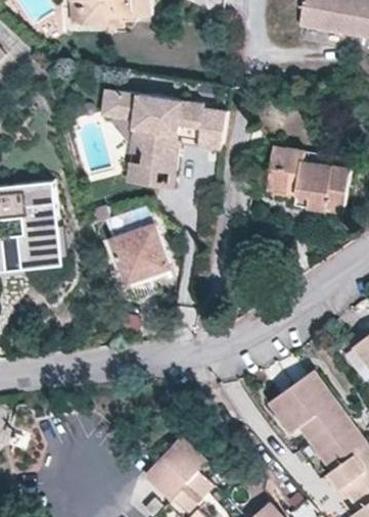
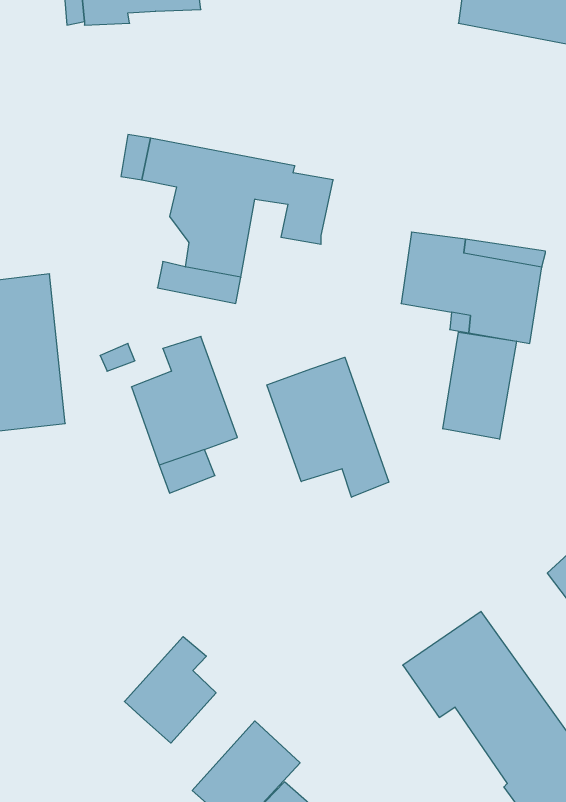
building: none -> [443,332,516,439]
building: none -> [267,357,389,497]
building: none -> [124,637,216,743]

